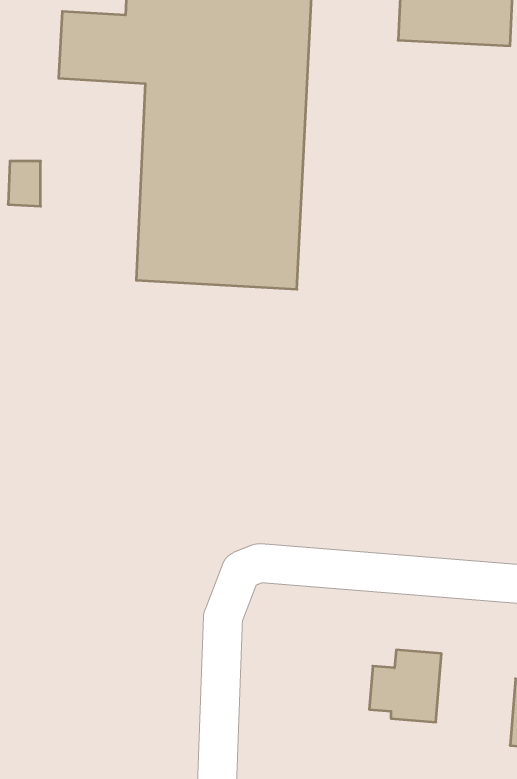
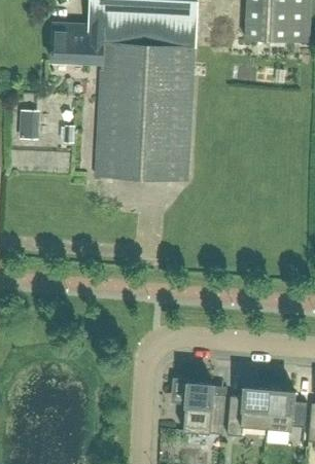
building: none -> [174,382,225,434]
building: none -> [267,389,307,430]

